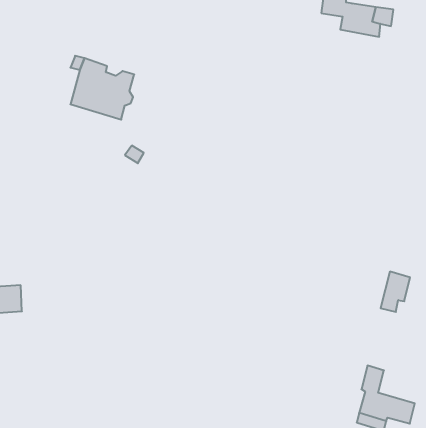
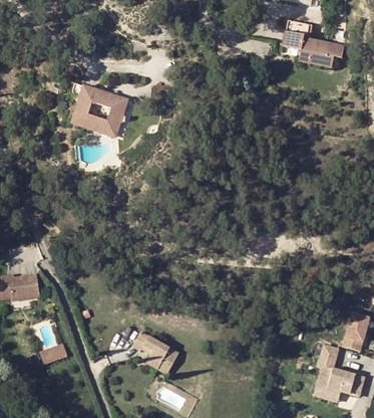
building: [381,272,410,312] -> [342,316,367,350]
building: none -> [132,330,180,375]
building: none -> [40,342,69,362]

